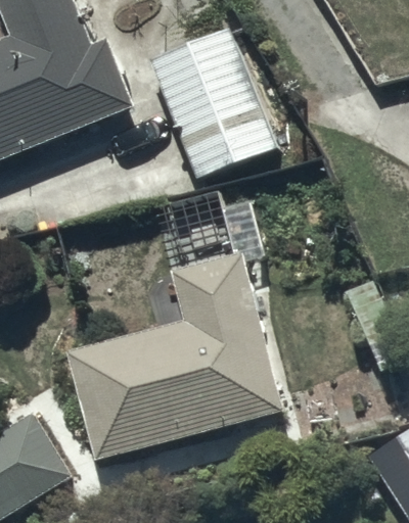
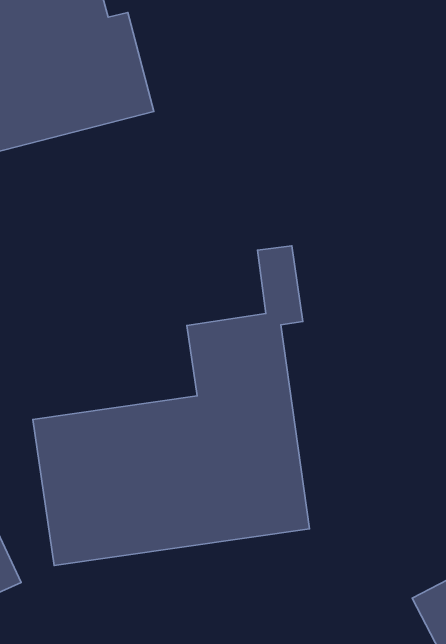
building: [149,23,279,178] -> none

